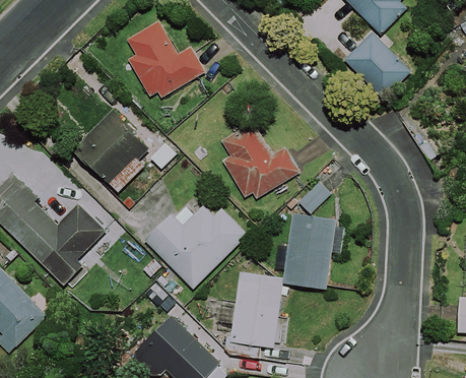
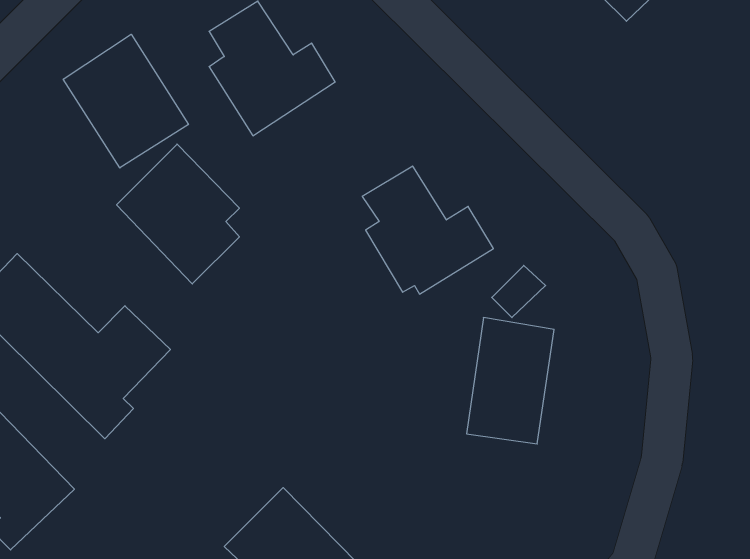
building: [343,32,412,101] -> none
building: none -> [63,34,188,168]
building: [146,196,248,288] -> none
building: [214,271,282,346] -> none

